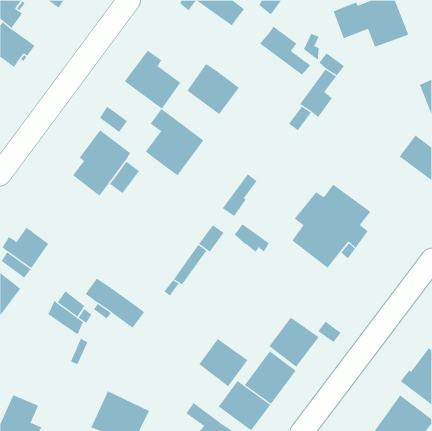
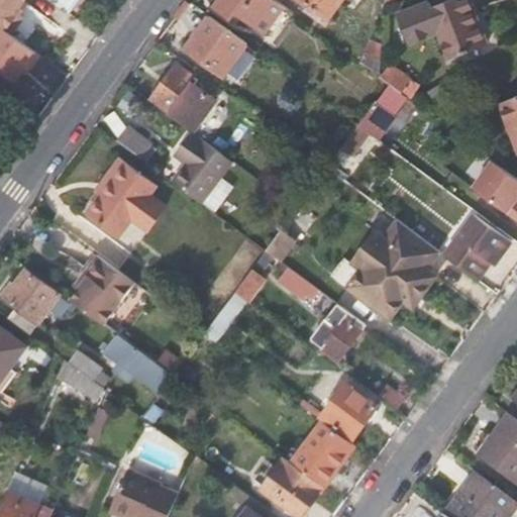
building: [259,26,311,76] -> none
building: [186,63,240,115] -> [184,15,247,77]
building: none -> [443,216,509,281]
building: none -> [69,253,135,324]
building: none -> [310,303,375,360]
building: [198,338,248,387] -> none

